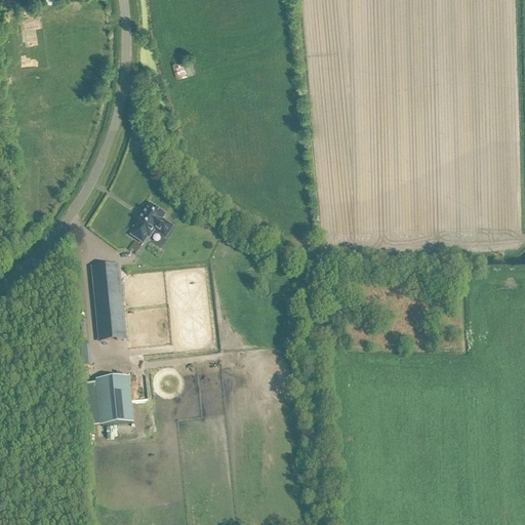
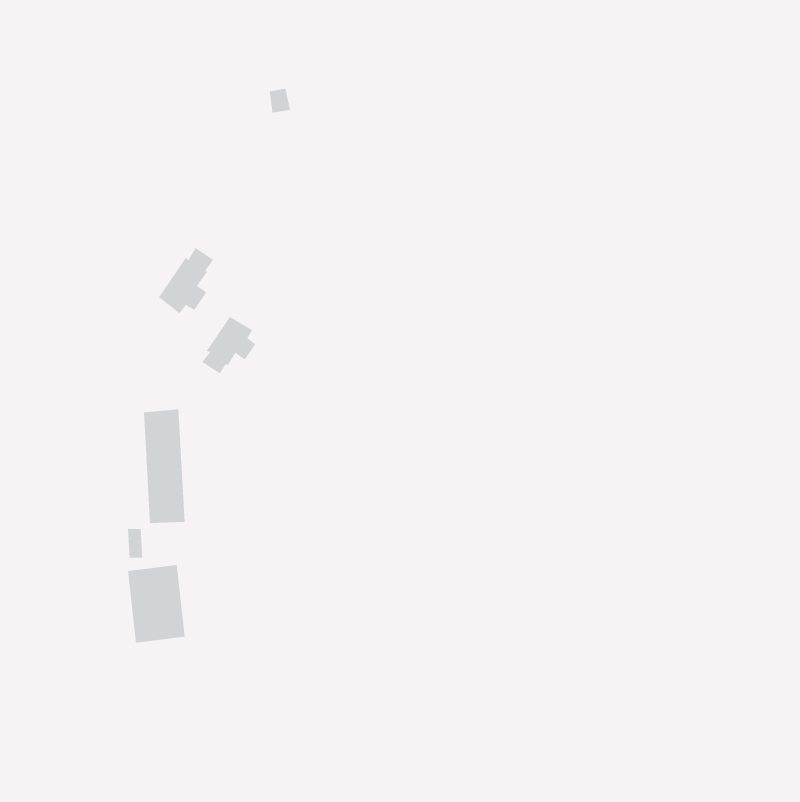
building: none -> [158,247,214,314]

